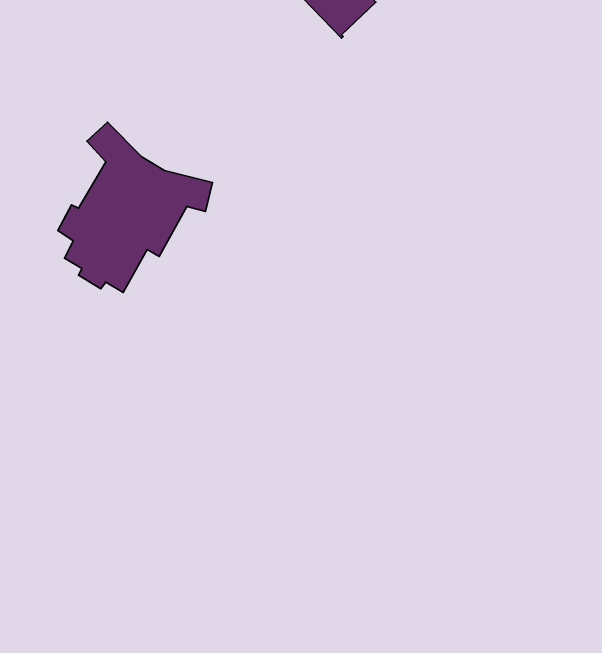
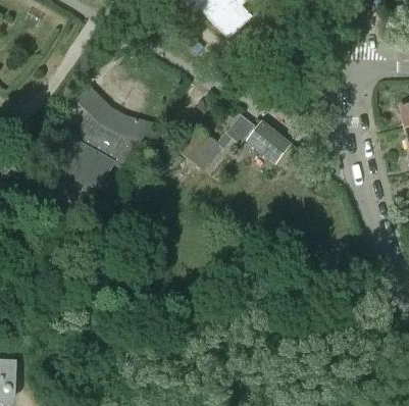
building: none -> [188,114,290,163]

